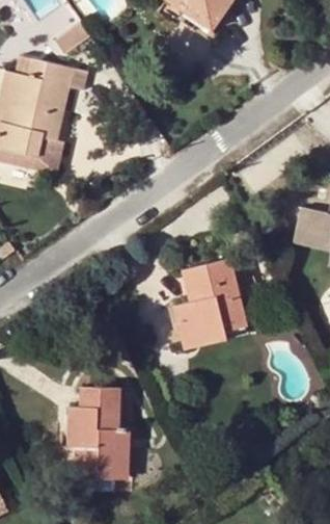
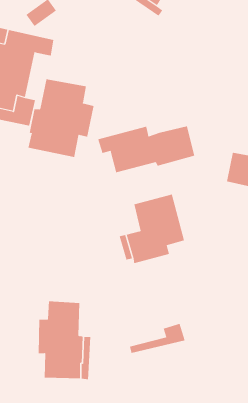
building: none -> [28,78,94,158]
building: none -> [98,126,195,173]
building: [183,312,250,348] -> [129,323,185,354]

